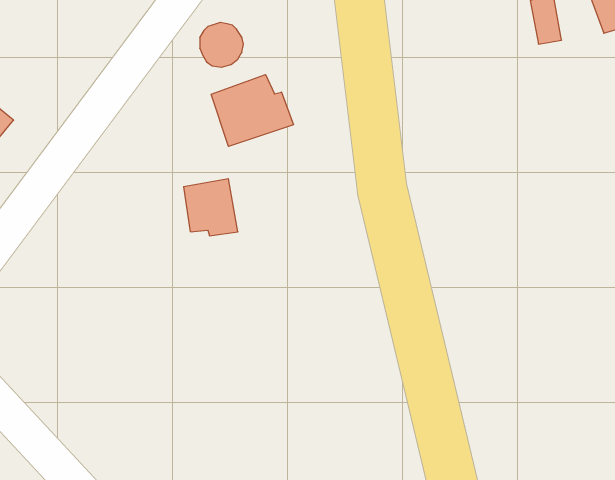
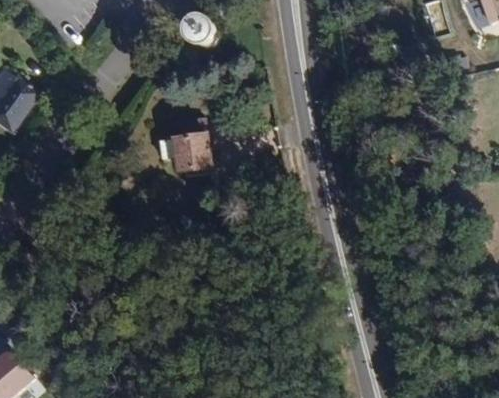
building: [211,75,294,146] -> none

